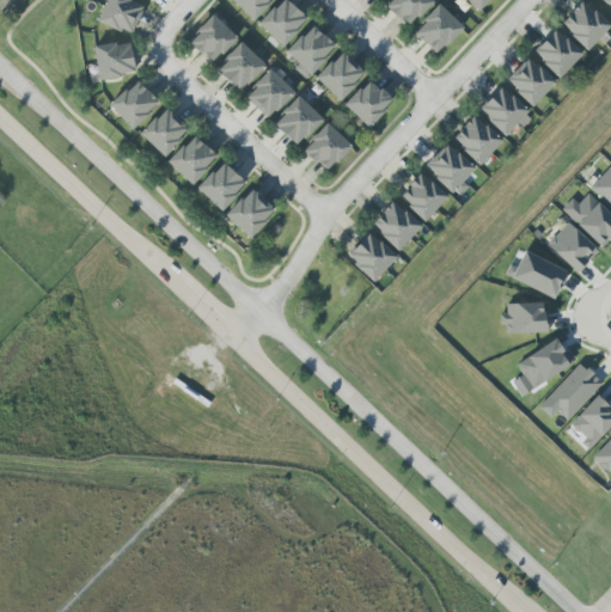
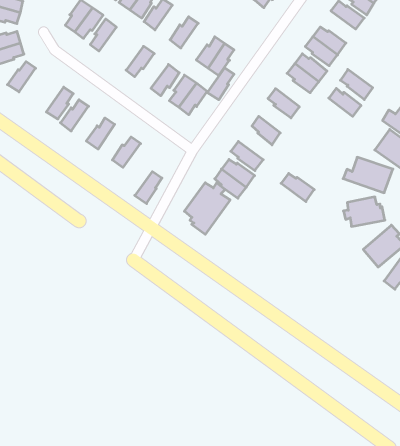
building: [300,35,336,74] -> none
building: [228,53,265,88] -> none
building: [329,61,365,99] -> [207,68,234,100]
building: [507,67,545,106] -> [340,69,373,100]
building: [248,68,283,106] -> none
building: [124,90,159,128] -> none
building: [276,94,311,133] -> none
building: [142,108,179,145] -> none
building: [438,142,476,179] -> [329,88,361,116]
building: [182,145,218,183] -> none
building: [212,171,246,209] -> none
building: [411,173,450,208] -> none
building: [239,198,275,237] -> [135,172,162,204]
building: [384,201,423,238] -> [281,173,314,202]
building: none -> [184,183,230,234]

